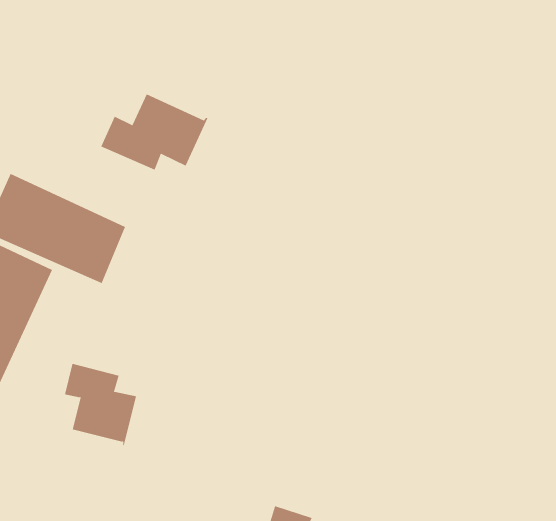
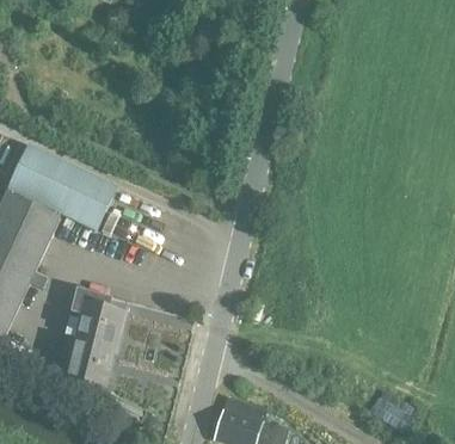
building: [100,94,209,171] -> none
building: none -> [62,337,111,388]

